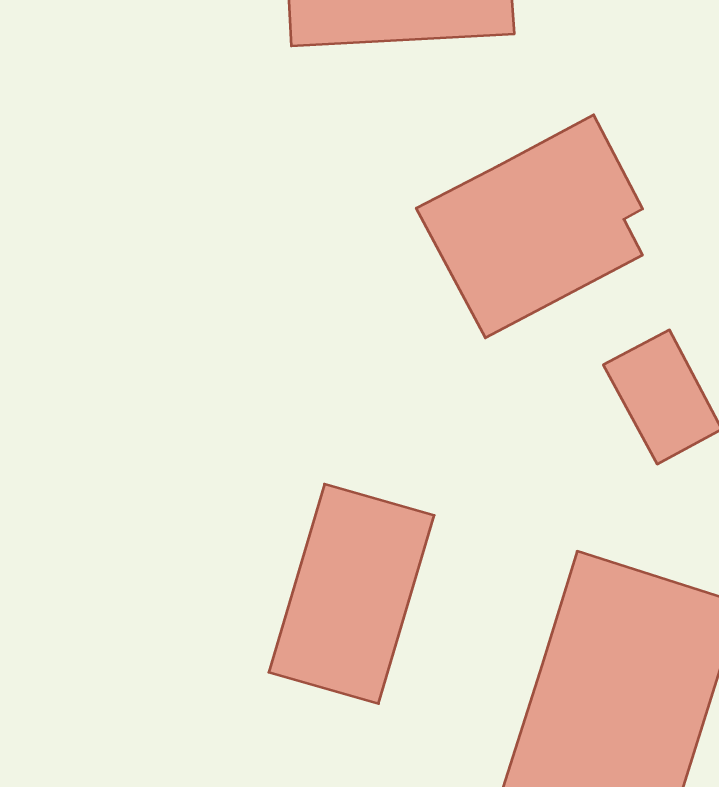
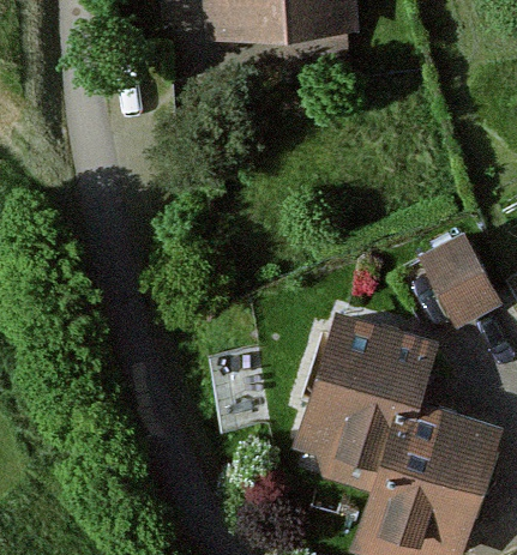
building: [416,115,643,338] -> none
building: [269,484,434,704] -> [299,313,413,464]

